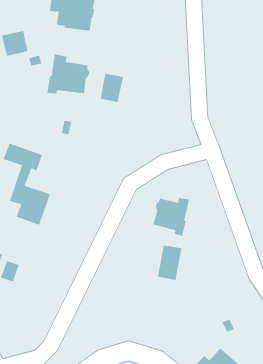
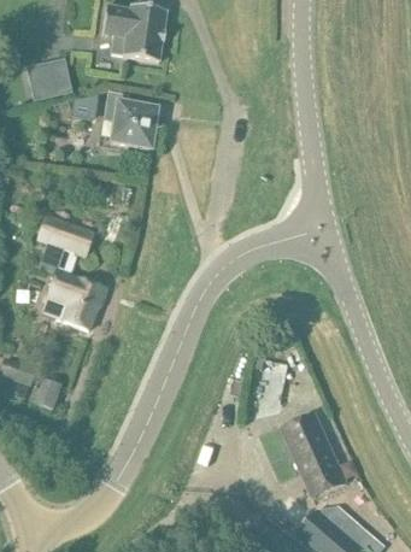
building: [100,73,123,103] -> none
building: [153,197,190,237] -> none
building: none -> [282,412,345,497]

